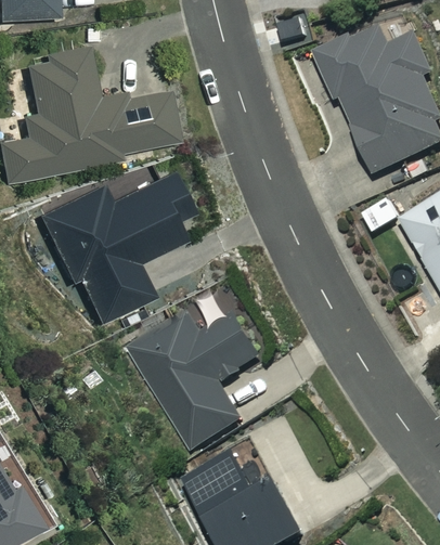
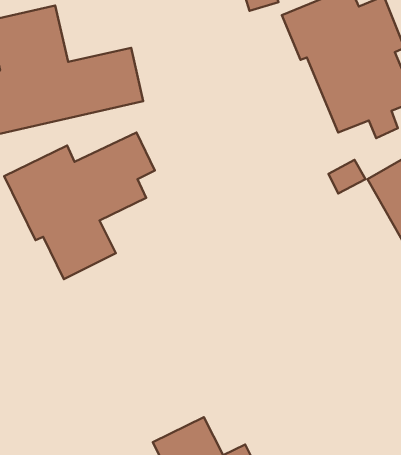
building: [129,293,261,449] -> none

